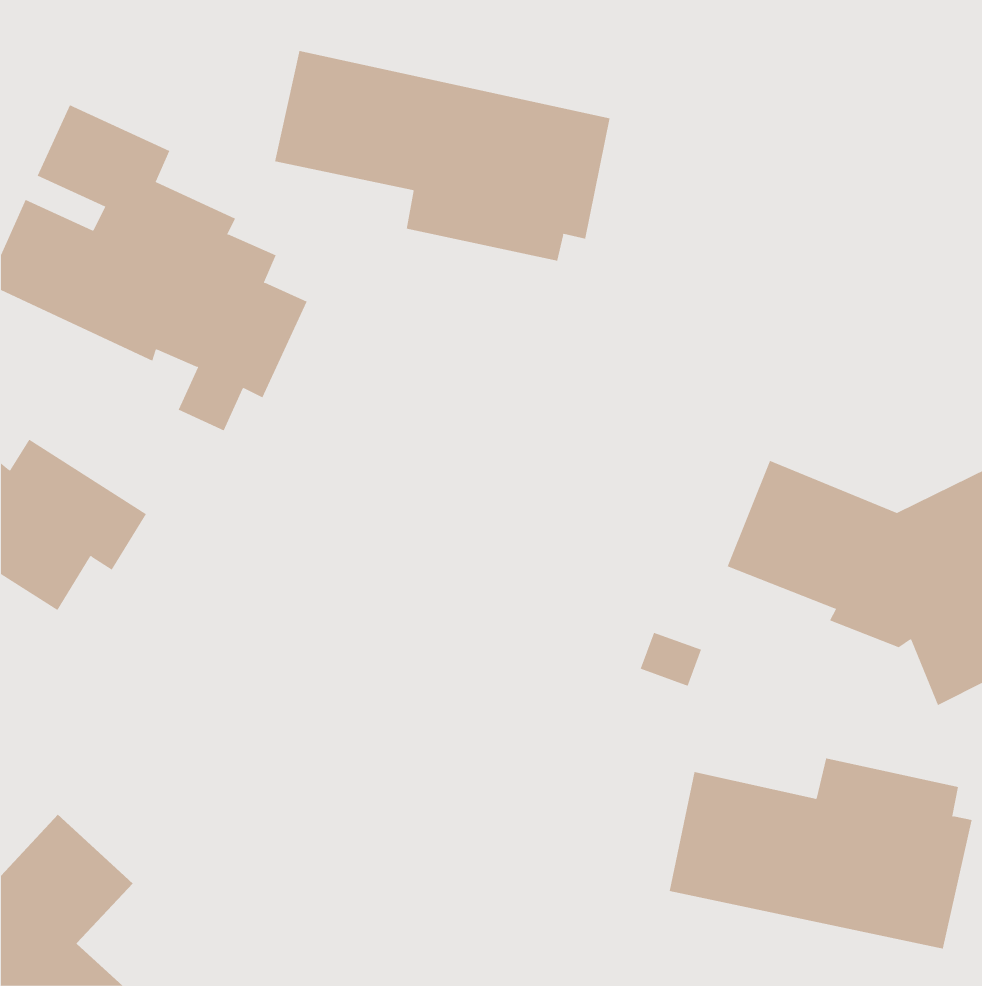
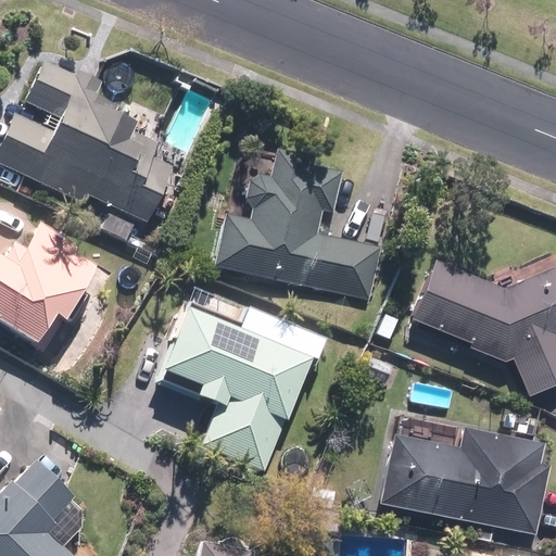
building: [275,50,610,262] -> none
building: none -> [214,154,379,299]
building: none -> [157,301,312,473]

